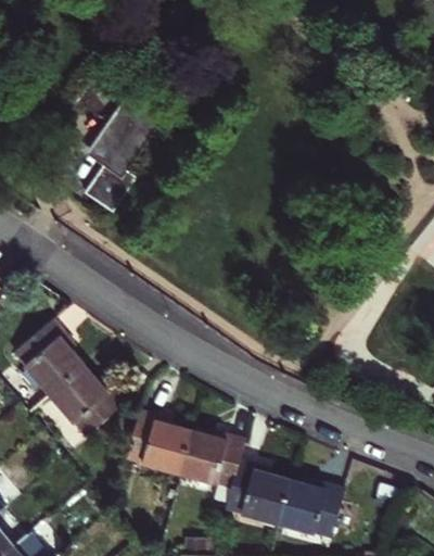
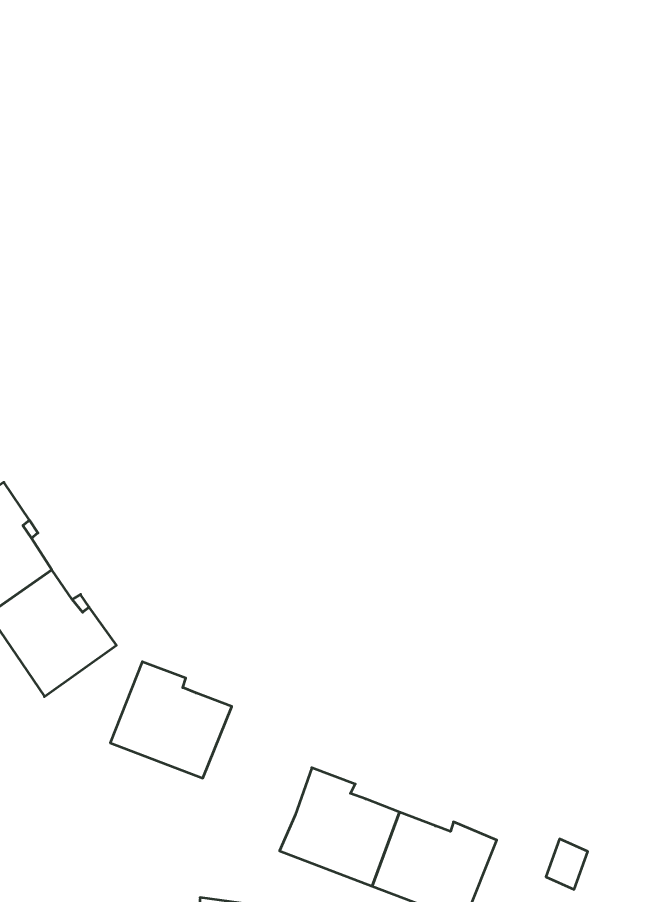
building: [90,100,158,211] -> none
building: [178,431,244,488] -> none

